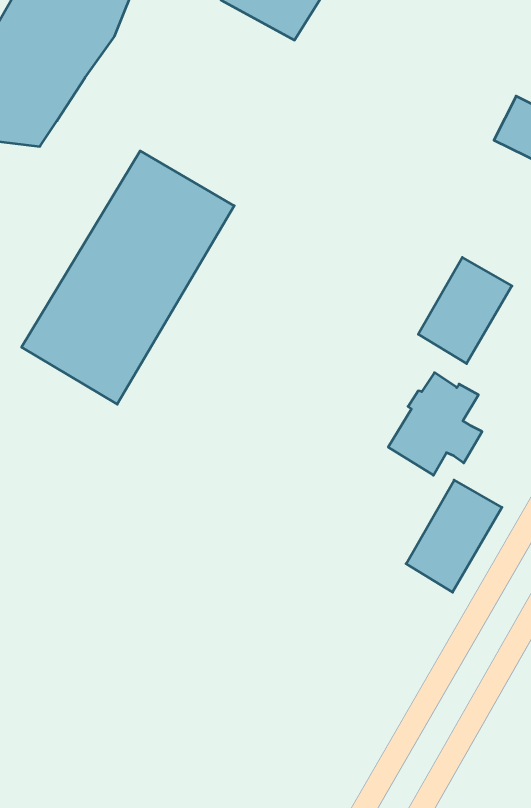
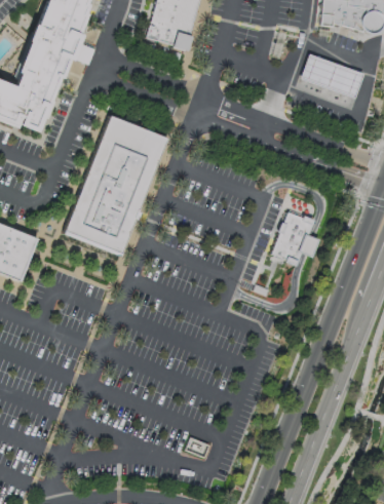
building: [418,257,512,364] -> none
building: [406,480,502,592] -> none

